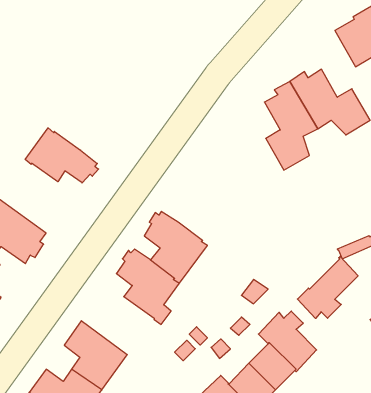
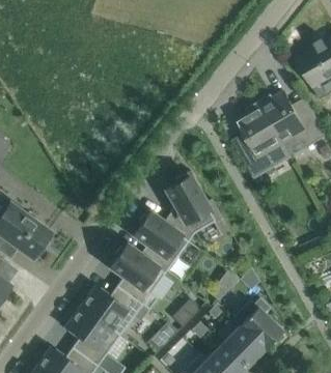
building: [25,128,99,183] -> none
building: none -> [164,171,222,242]
building: [297,256,358,318] -> none
building: none -> [81,286,149,336]

